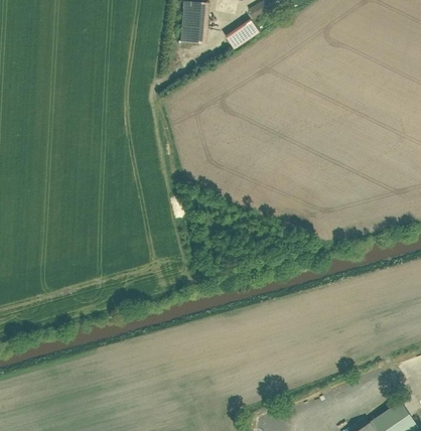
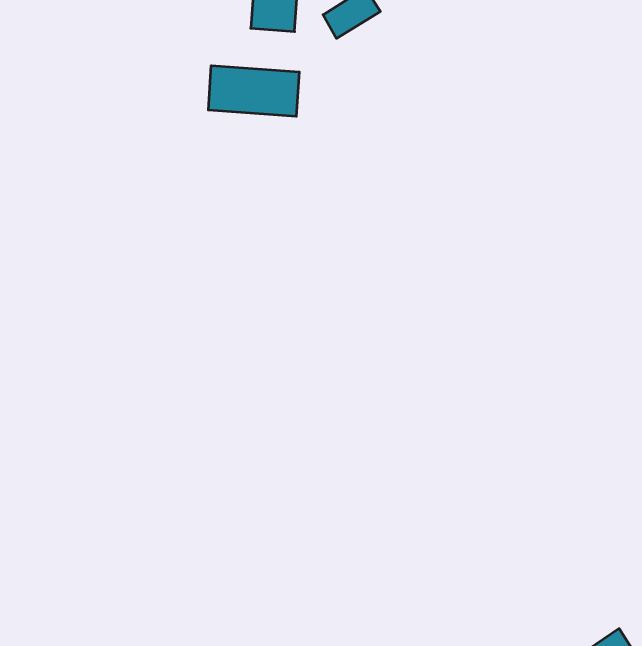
building: none -> [208,66,299,116]

